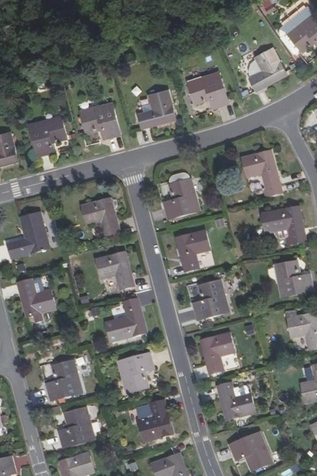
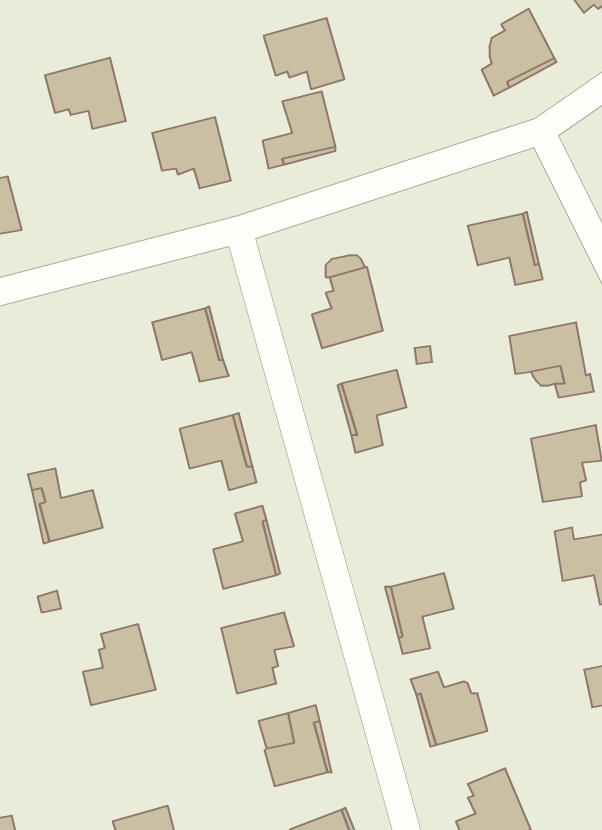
building: [190,70,231,106] -> [264,18,344,89]
building: [29,115,70,151] -> [45,58,126,129]
building: [8,213,49,258] -> none
building: [190,280,226,320] -> none
building: [58,408,95,449] -> none

